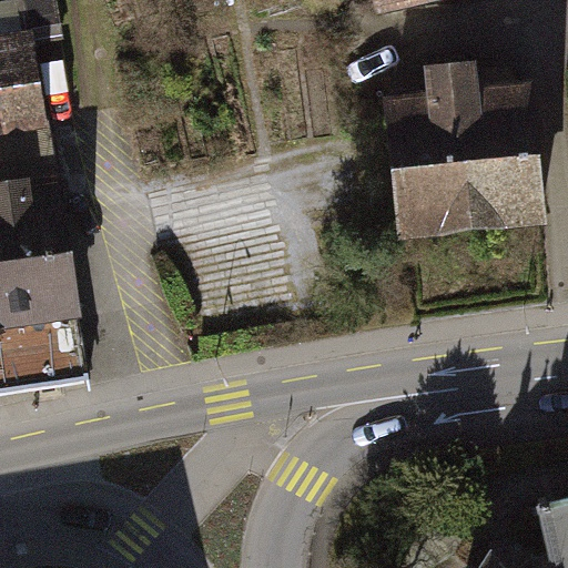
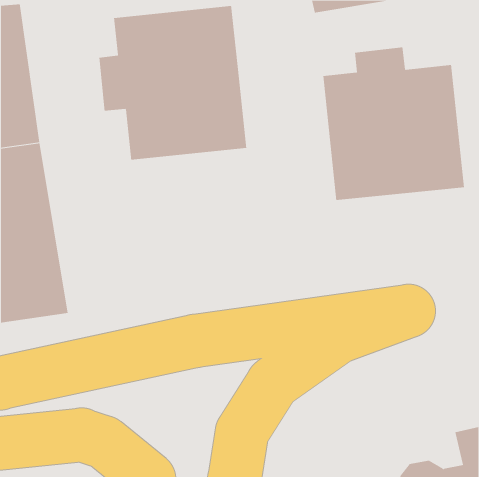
building: none -> [99,5,247,161]

